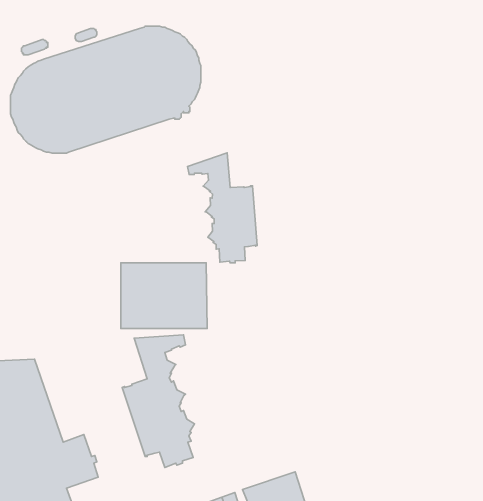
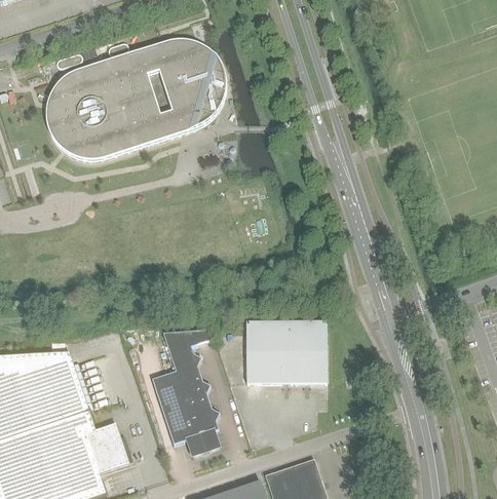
building: [188,153,257,263] -> none
building: [121,263,207,328] -> [245,320,327,382]

